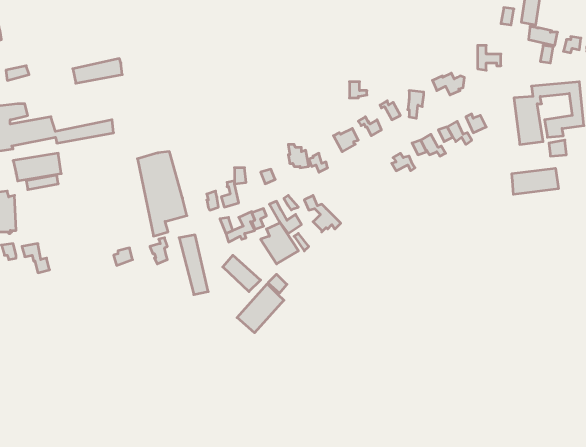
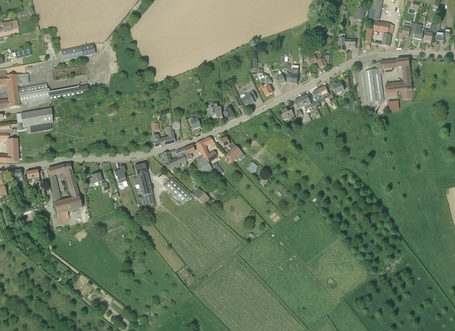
building: [137,152,187,236] -> [47,163,81,221]
building: [512,168,558,194] -> none
building: [237,284,284,333] -> none

